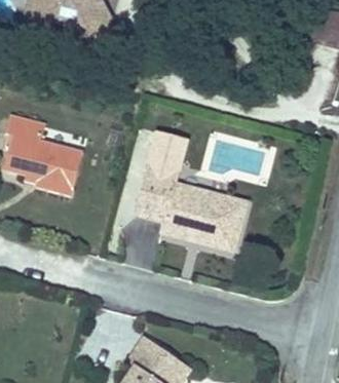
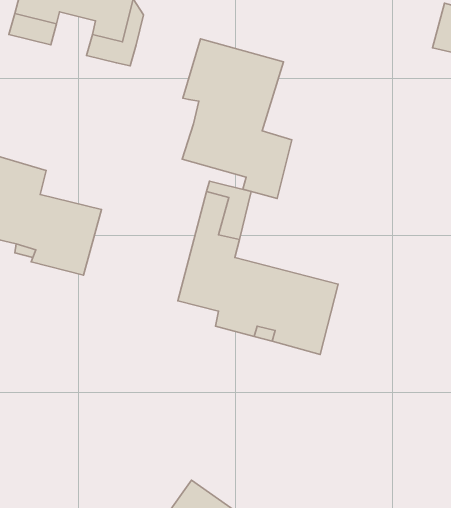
building: none -> [182,39,292,198]

